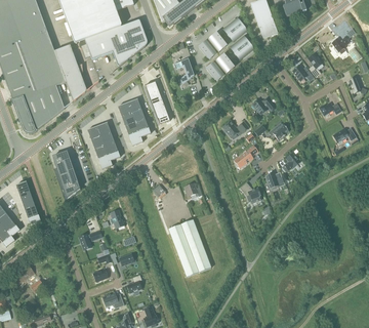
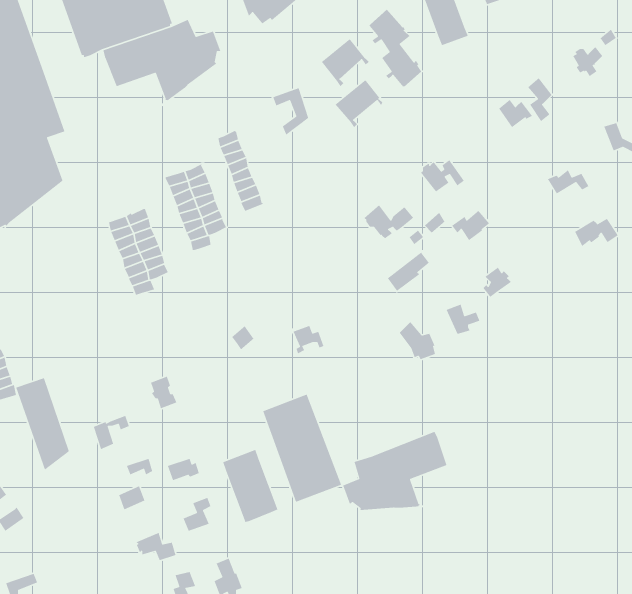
building: [53,44,86,100] -> none
building: [51,150,80,199] -> [15,377,70,471]
building: none -> [342,431,447,511]
building: none -> [222,449,279,523]

